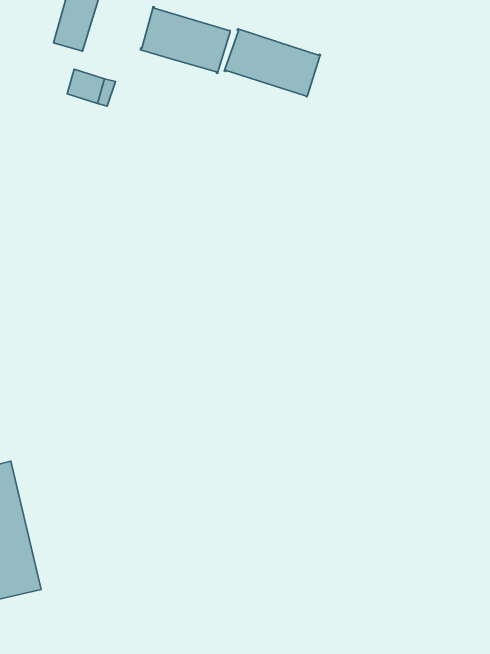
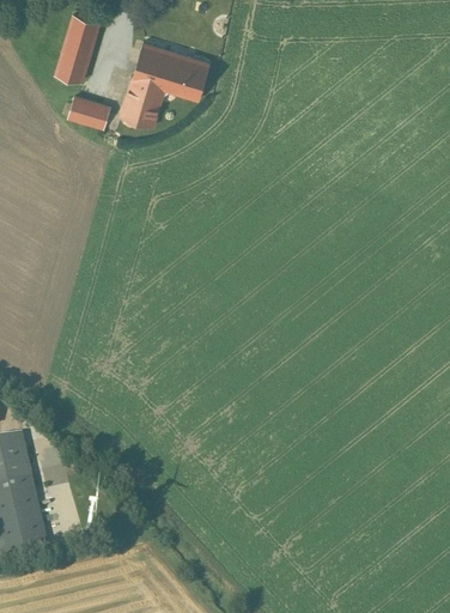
building: [224,29,321,97] -> none
building: none -> [122,75,165,122]

